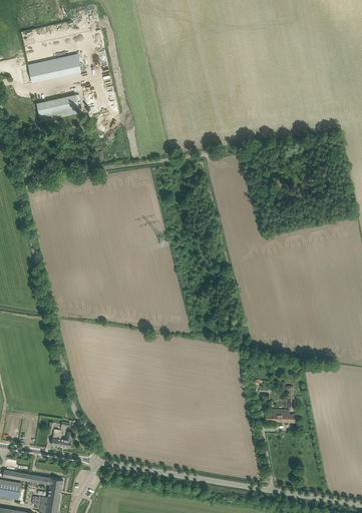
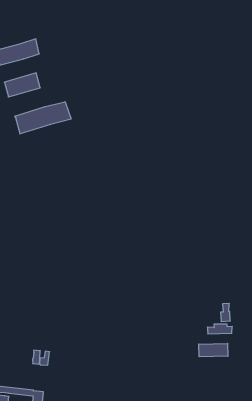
building: none -> [15,102,71,134]
building: none -> [199,343,228,357]

